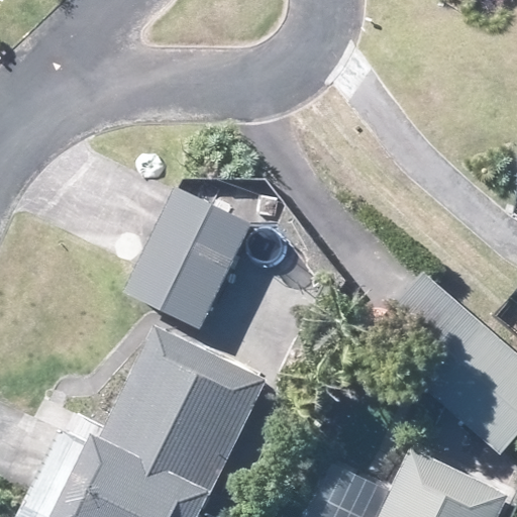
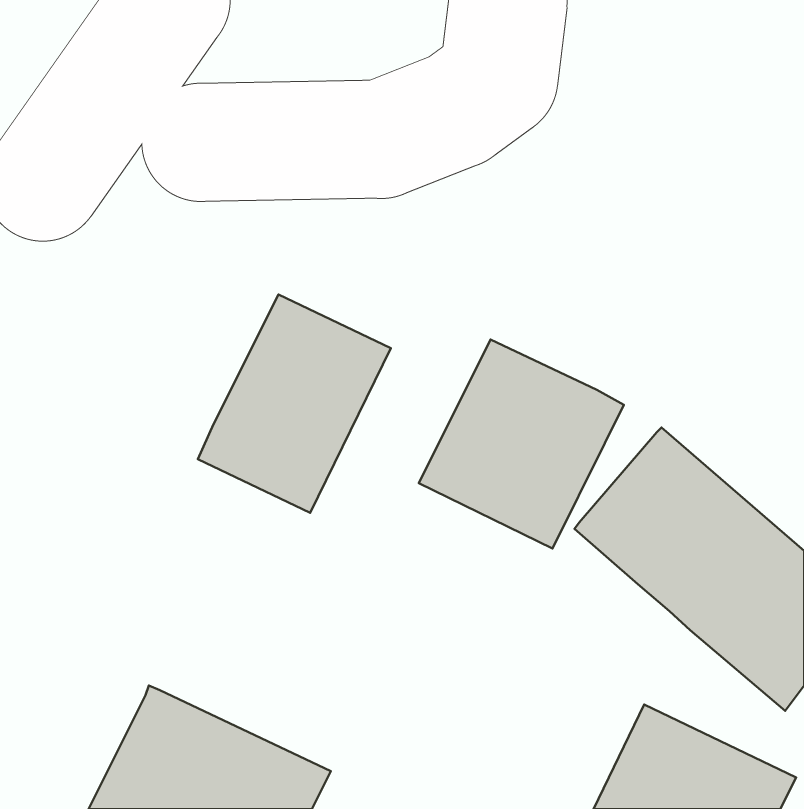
building: none -> [419,339,624,549]
building: [102,328,265,492] -> none

